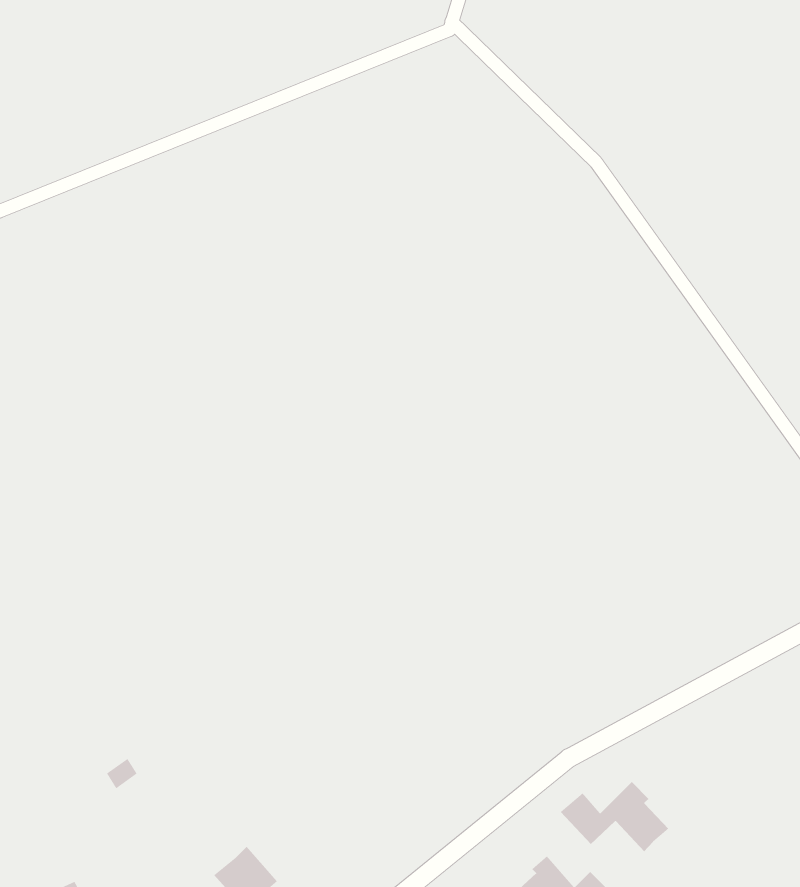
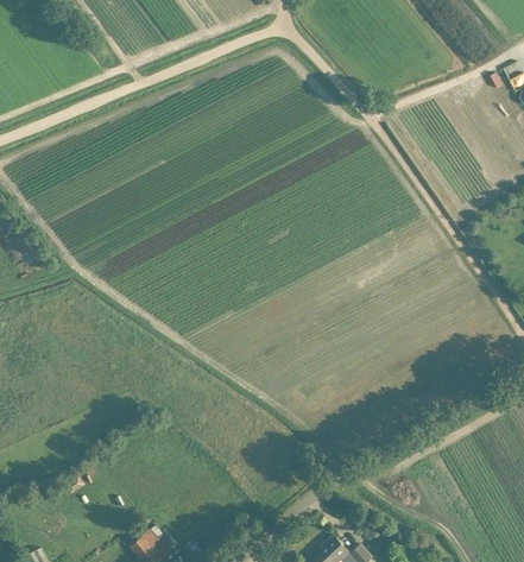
building: [560,781,669,852] -> none

